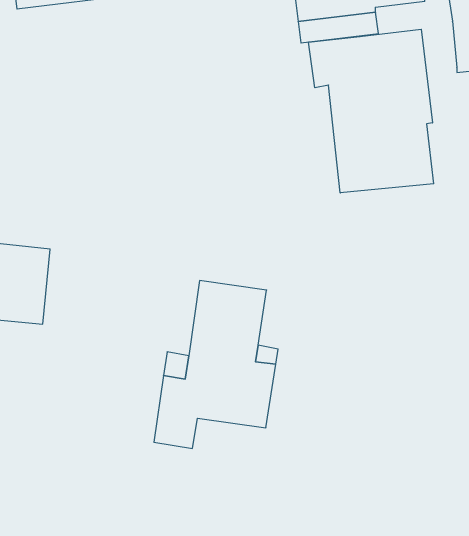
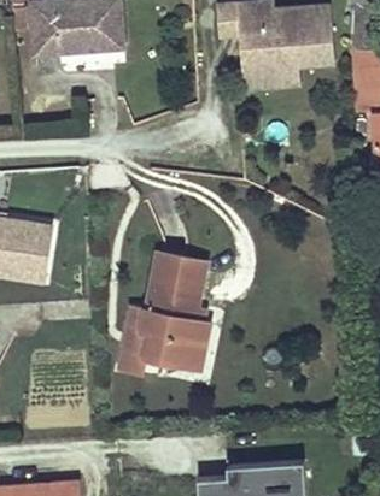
building: [308,29,434,193] -> none

